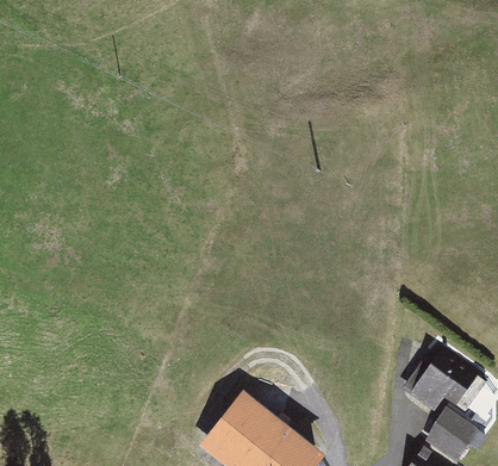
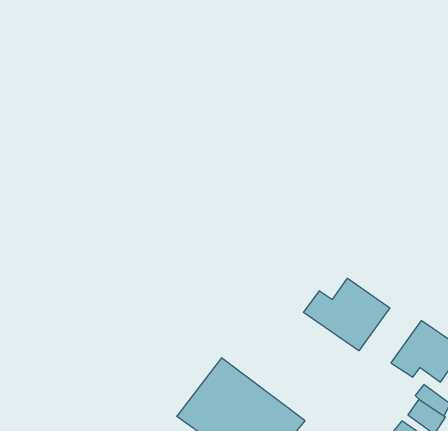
building: none -> [303,278,390,351]

